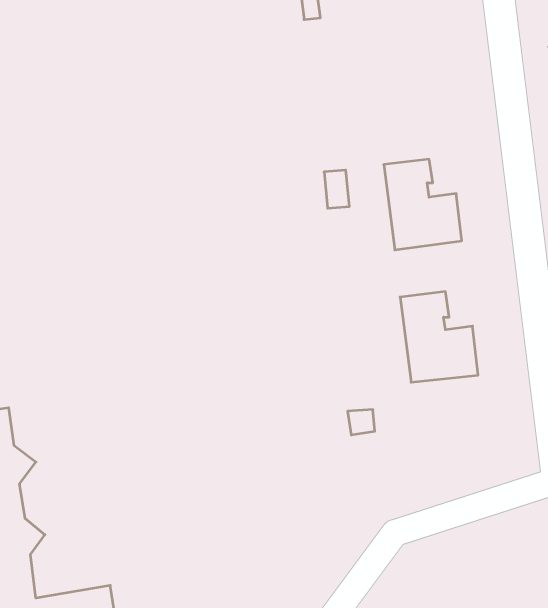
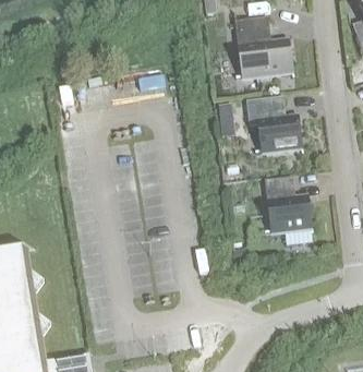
building: none -> [234,16,292,75]

